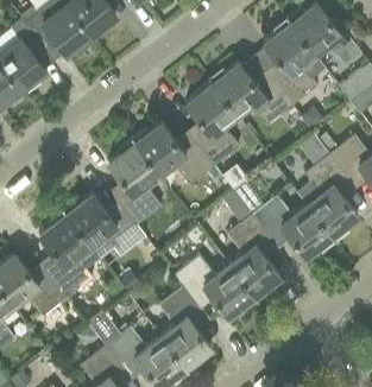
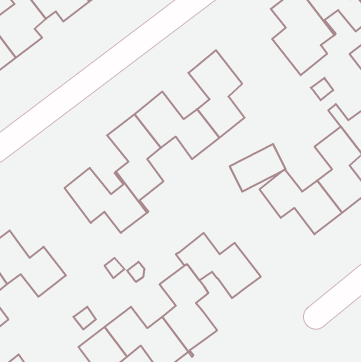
building: [212,63,292,126] -> none
building: [40,214,94,297] -> none
building: [227,215,280,298] -> none

